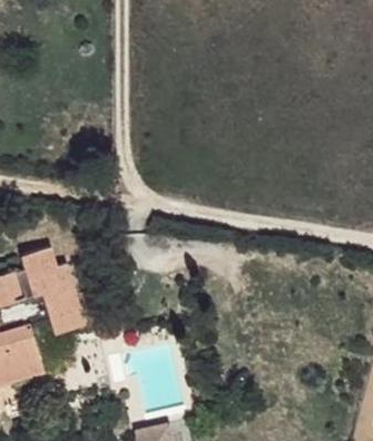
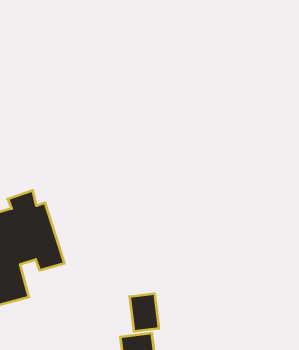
building: none -> [130,294,159,331]

